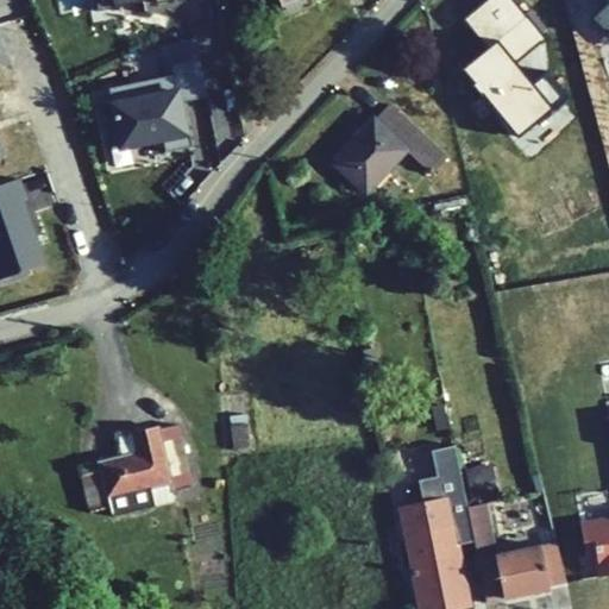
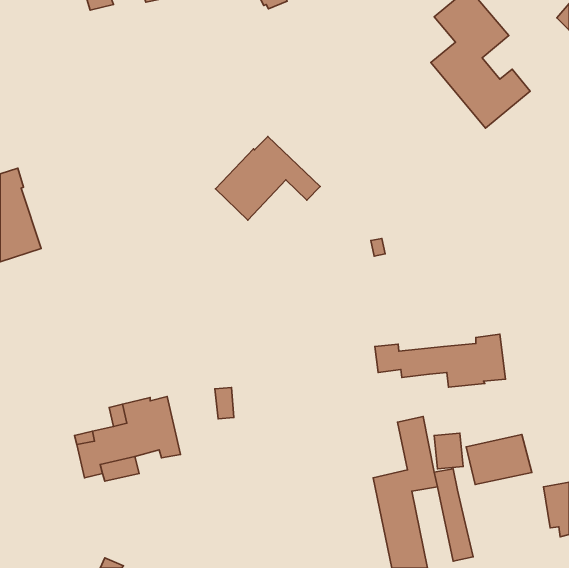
building: [105,58,206,151] -> none
building: [333,102,445,192] -> [216,137,320,220]
building: none -> [375,334,505,387]
building: [496,541,566,595] -> [466,434,532,485]

